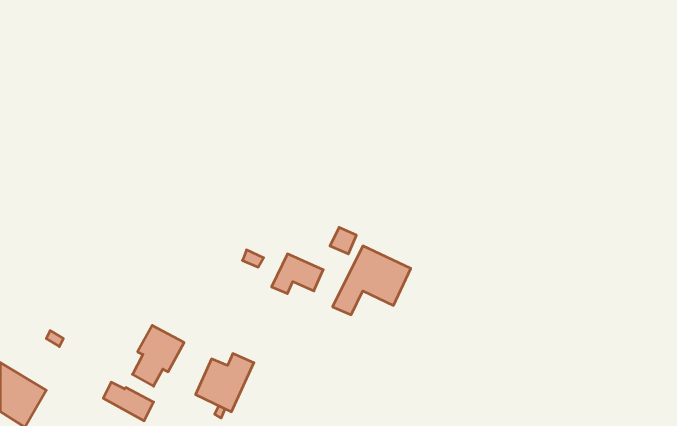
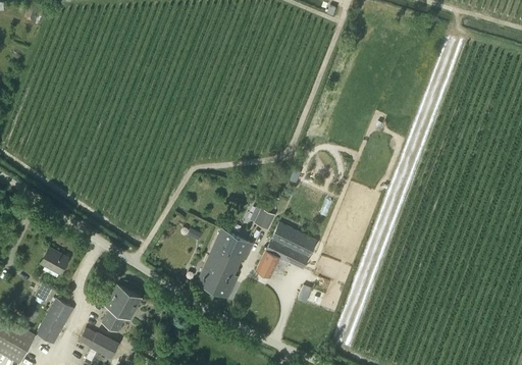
building: none -> [41,247,68,273]
building: none -> [31,299,73,349]
building: [196,354,254,412] -> [197,251,242,296]

